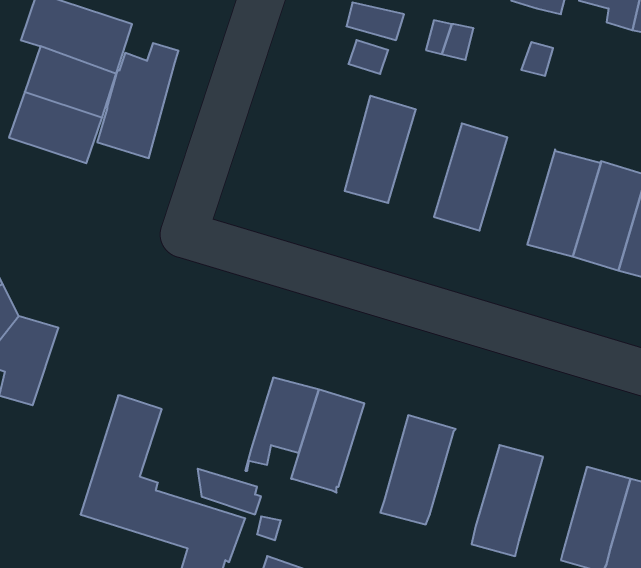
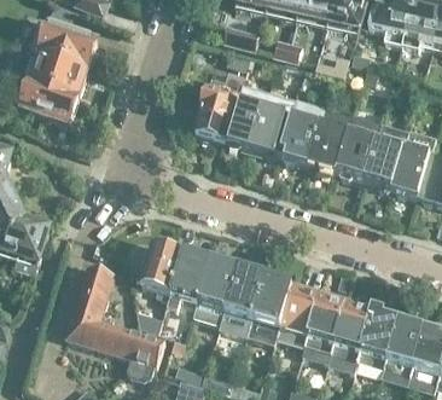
building: [97,43,179,158] -> [193,71,243,141]
building: none -> [251,92,296,157]
building: none -> [307,109,353,174]
building: none -> [140,245,181,298]
building: none -> [217,271,263,338]
building: none -> [277,288,319,346]
building: none -> [331,303,372,361]

